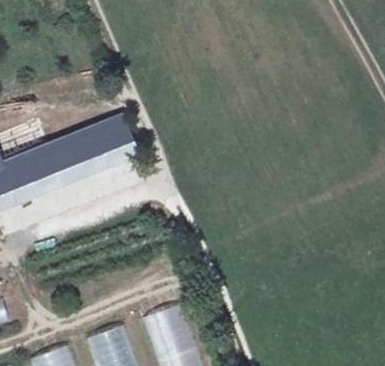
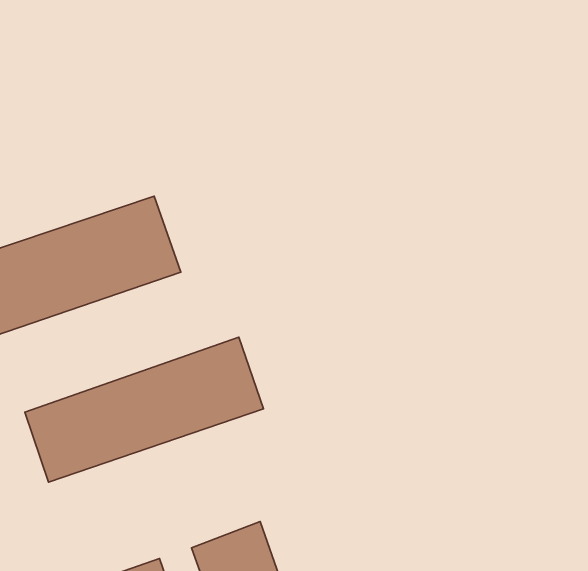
building: none -> [25,337,263,482]

